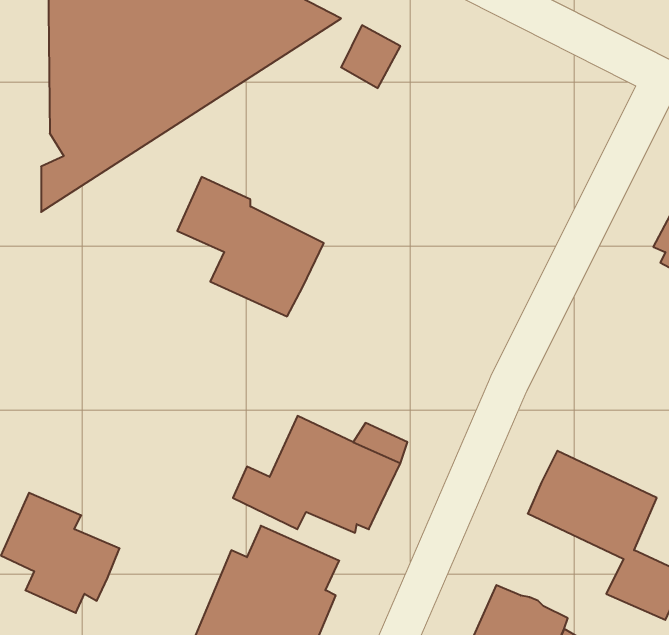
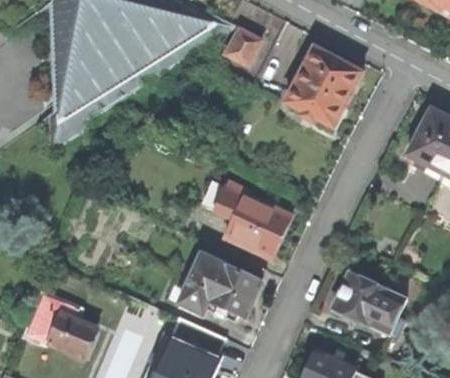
building: none -> [285,45,361,125]
building: [177,177,324,316] -> [205,175,290,256]

